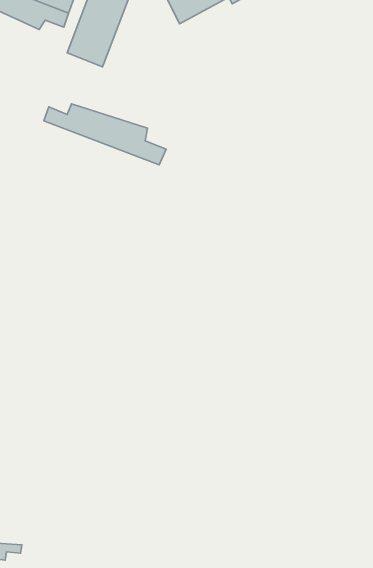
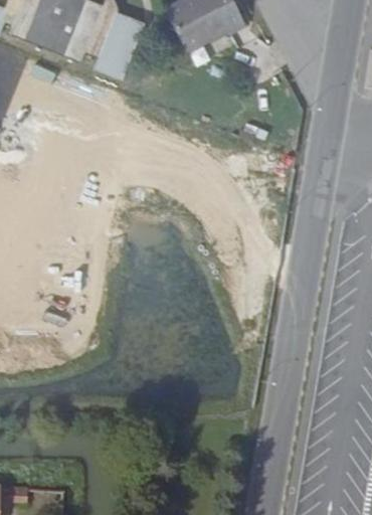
building: [44,104,166,165] -> none

